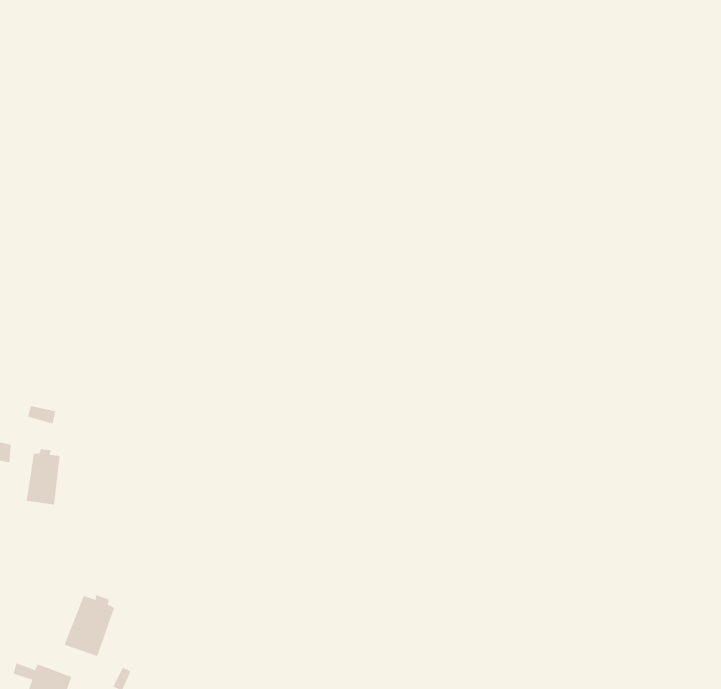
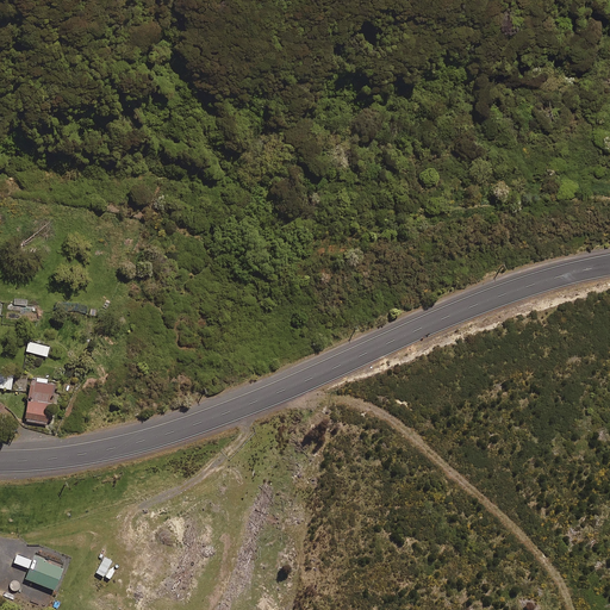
building: [64,594,115,657] -> none

